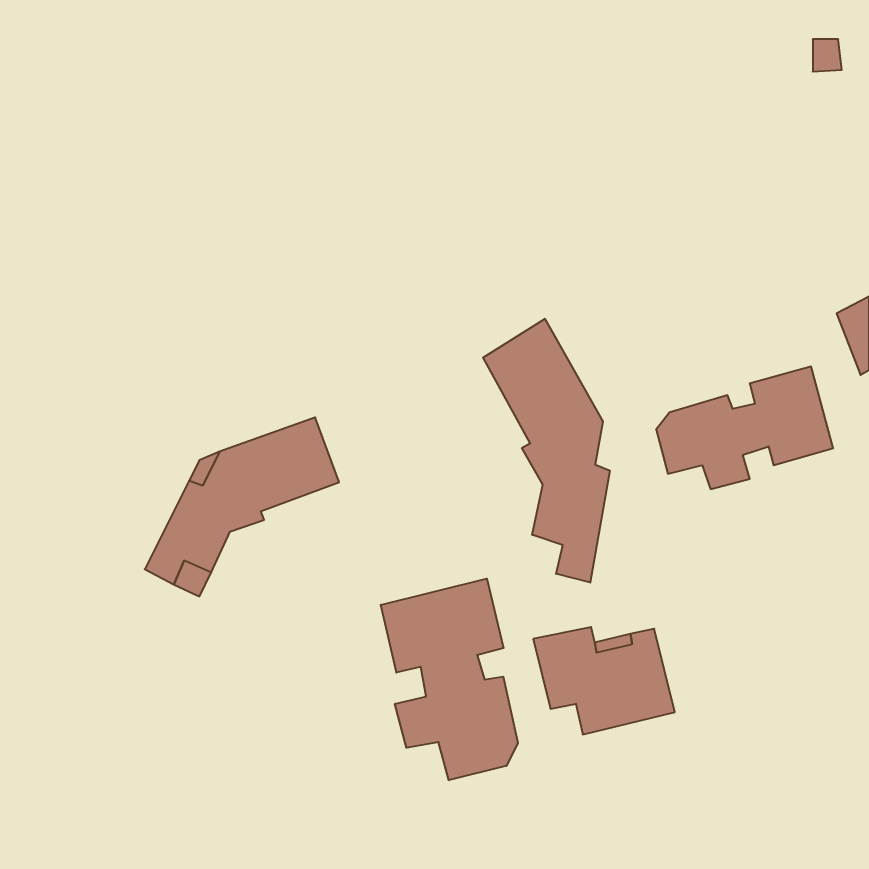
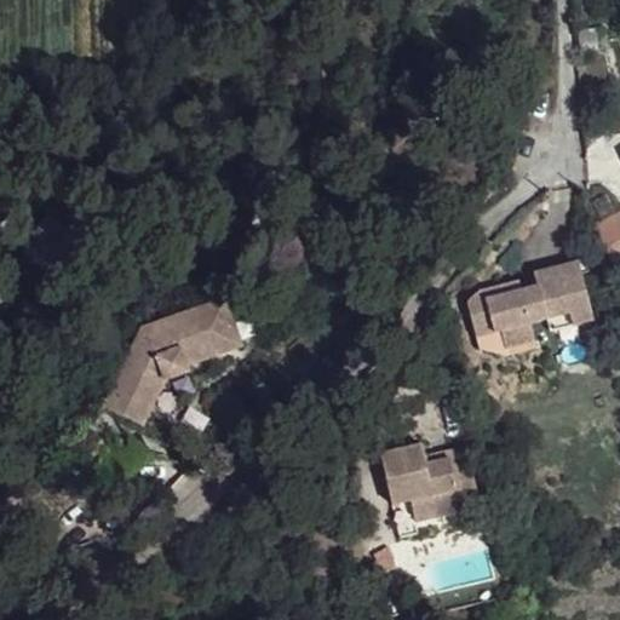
building: [483,319,610,583] -> none
building: [381,579,518,780] -> none

